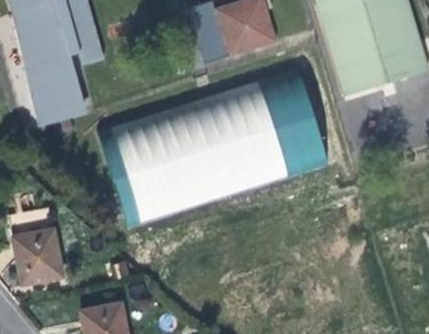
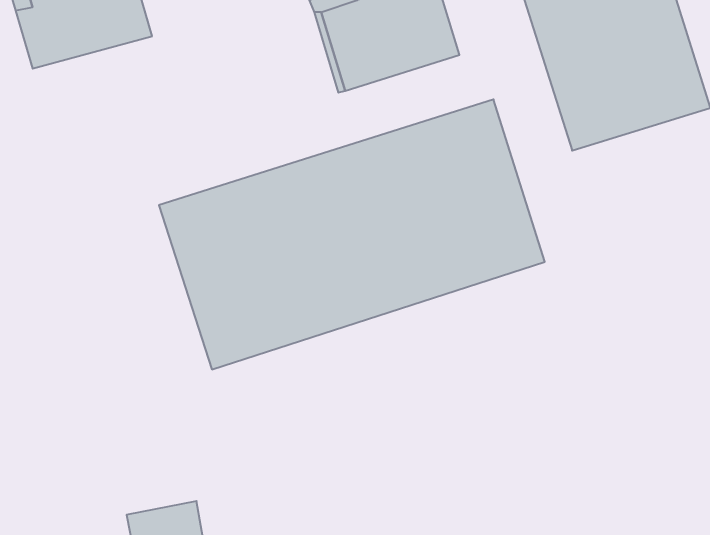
building: [24,27,104,115] -> none
building: [10,210,61,285] -> none

